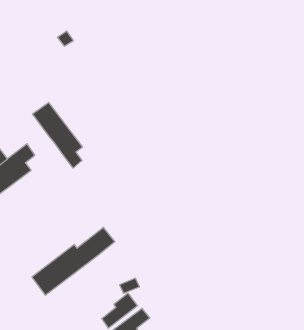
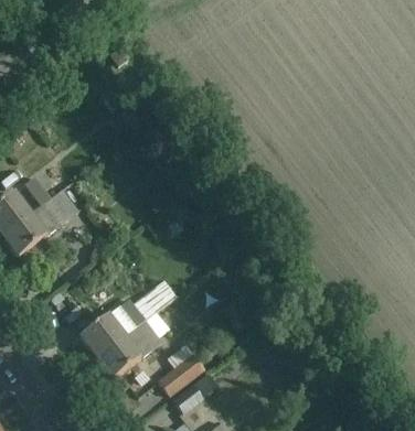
building: [33,102,82,168] -> none
building: none -> [94,309,169,377]

